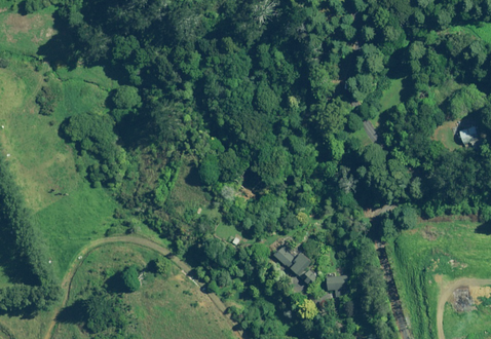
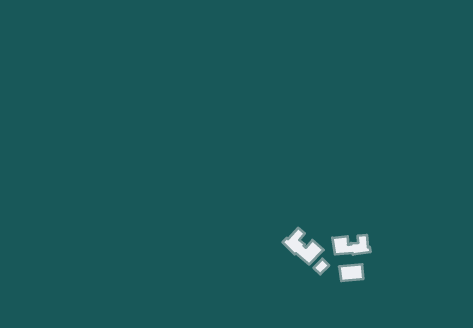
building: none -> [332,235,370,255]

